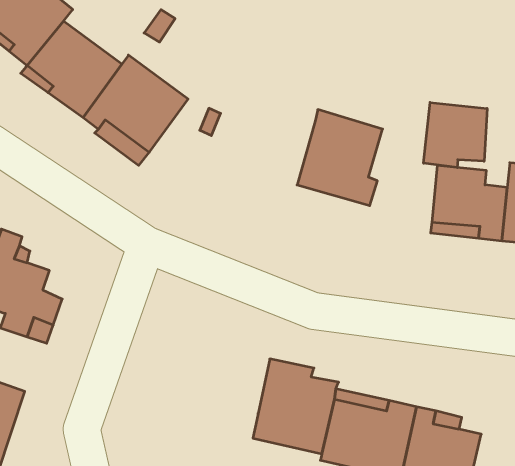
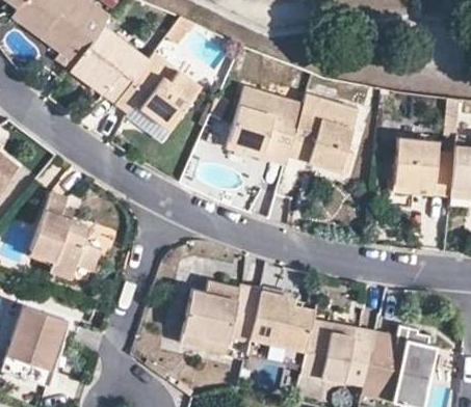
building: none -> [226,88,302,164]
building: [424,102,487,168] -> none
building: none -> [183,283,266,353]

